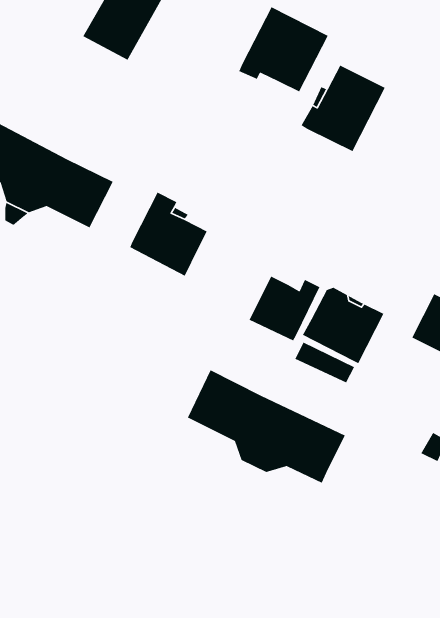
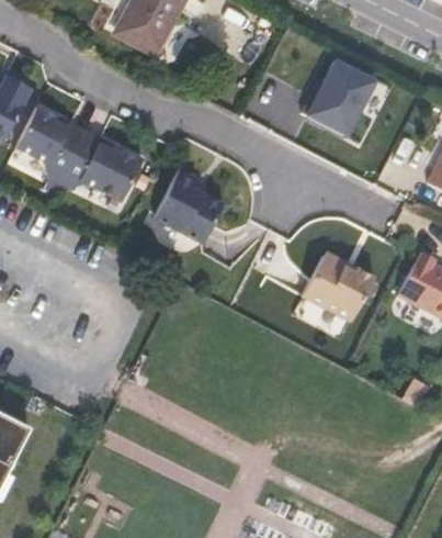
building: [238,6,329,92] -> none
building: [249,275,321,341] -> none
building: [187,369,346,484] -> none

